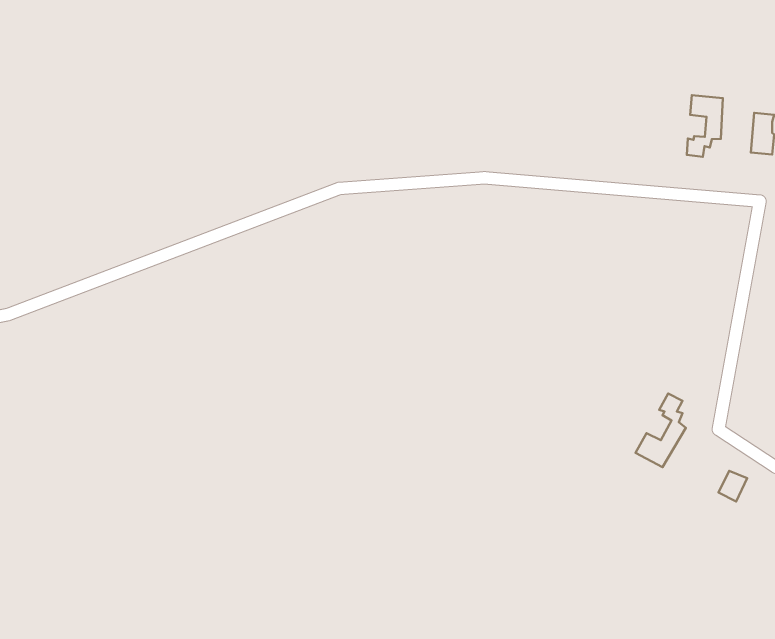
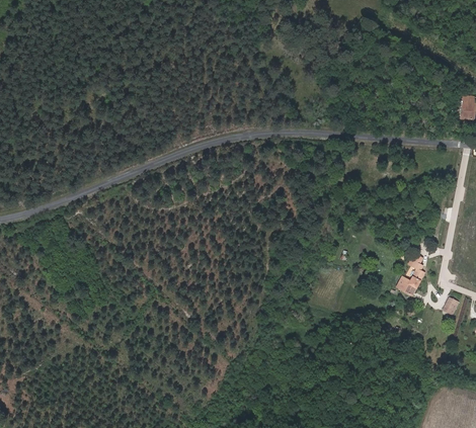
building: [687,95,723,157] -> none

